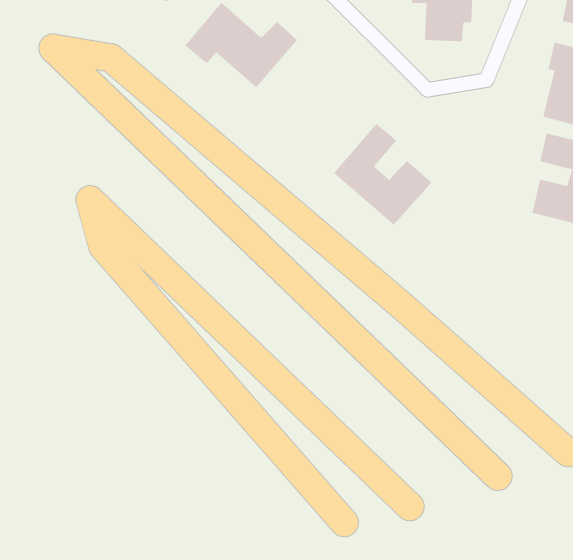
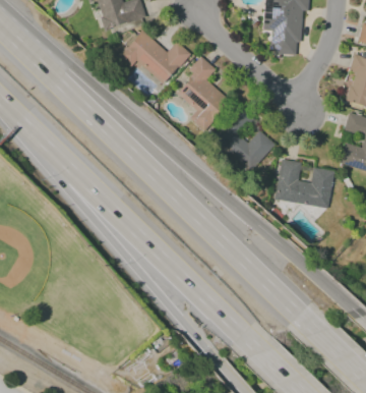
building: none -> [177,56,231,131]
building: none -> [274,160,333,208]

